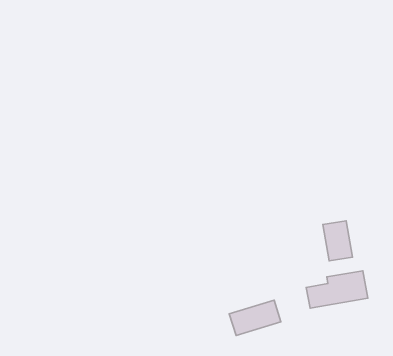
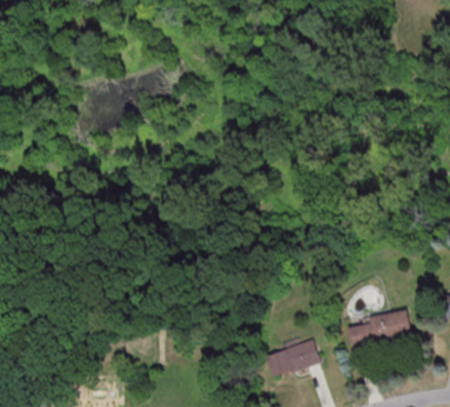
building: [323,221,352,261] -> none

